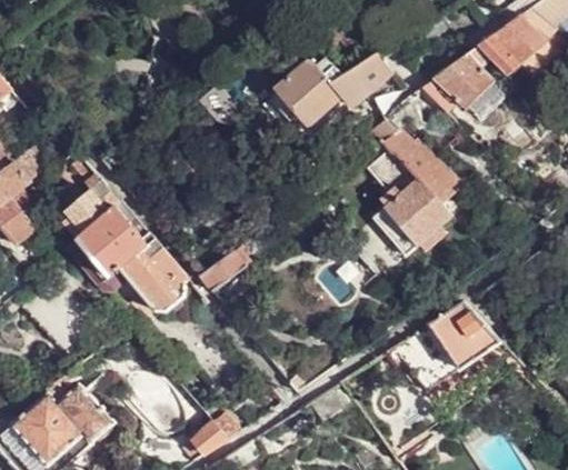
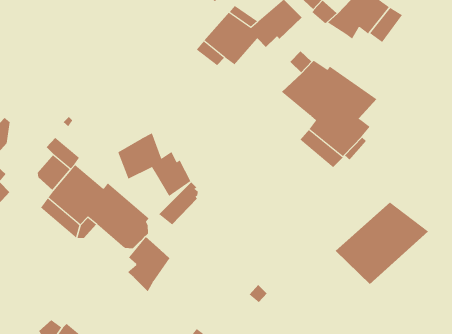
building: none -> [117,132,191,197]
building: none -> [127,236,170,292]

